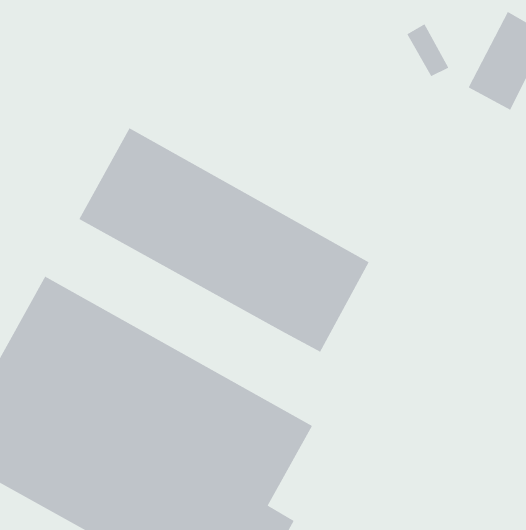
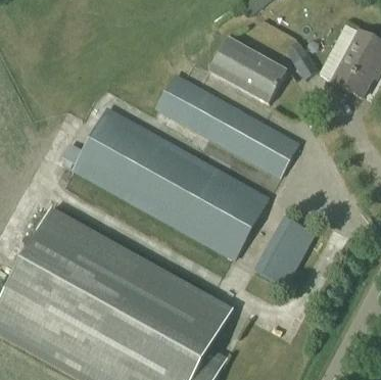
building: none -> [207,38,287,105]
building: none -> [154,73,298,177]
building: none -> [255,217,314,286]

